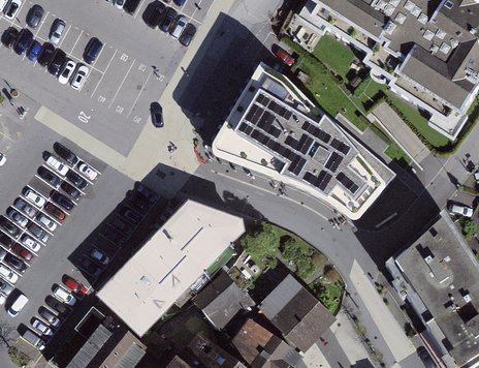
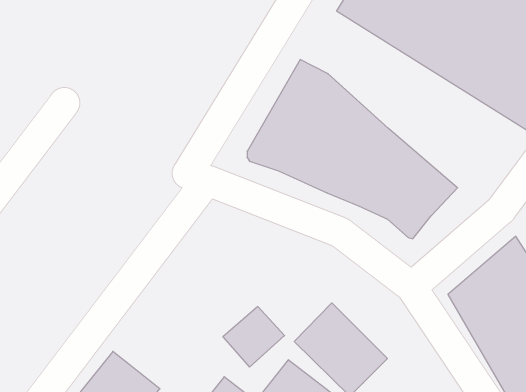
building: [93,203,244,341] -> none

